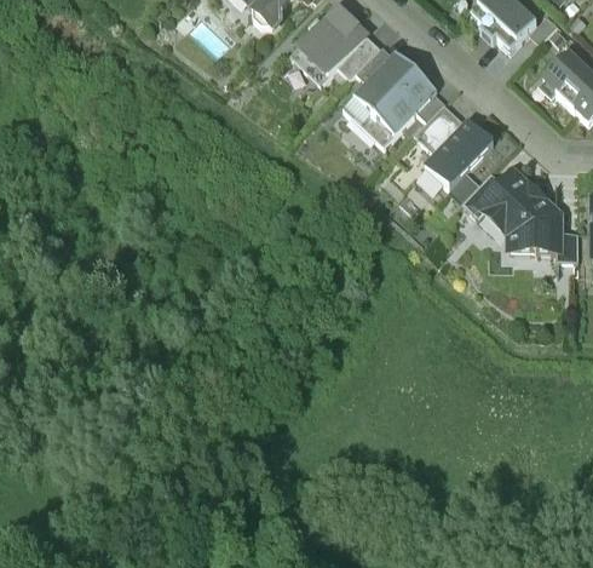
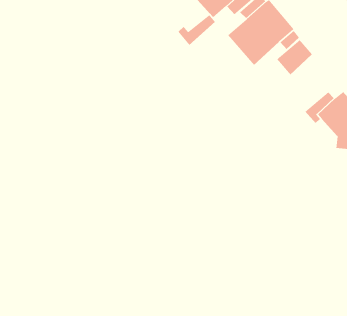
building: none -> [177,14,216,46]
building: [431,117,493,188] -> none

